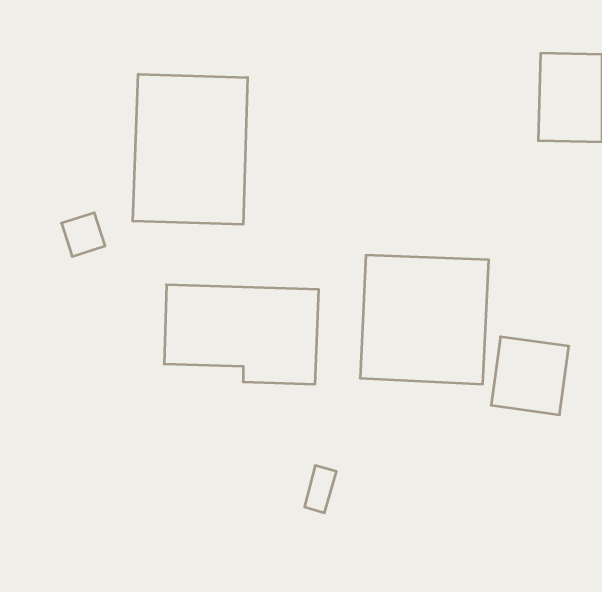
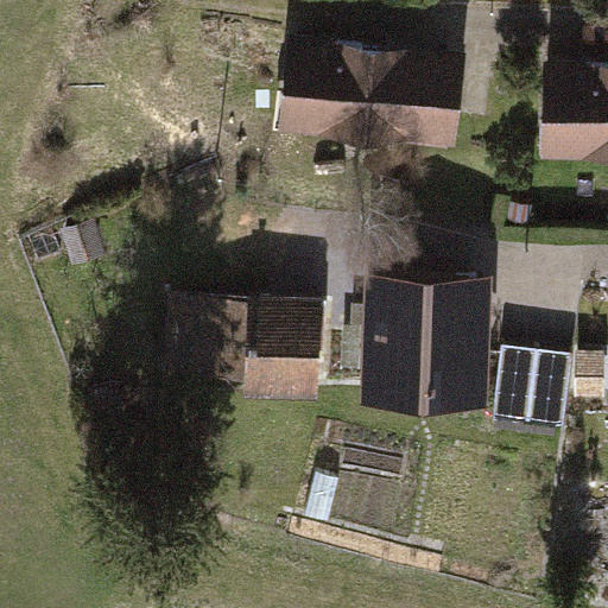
building: none -> [279,37,466,146]
building: [133,74,248,224] -> none

